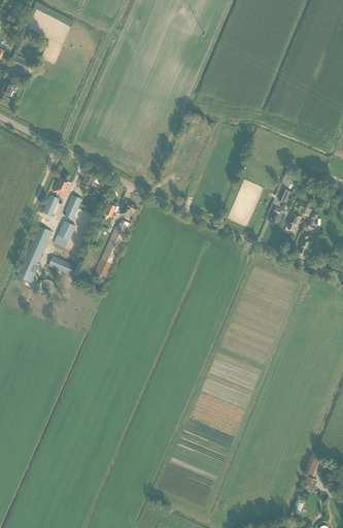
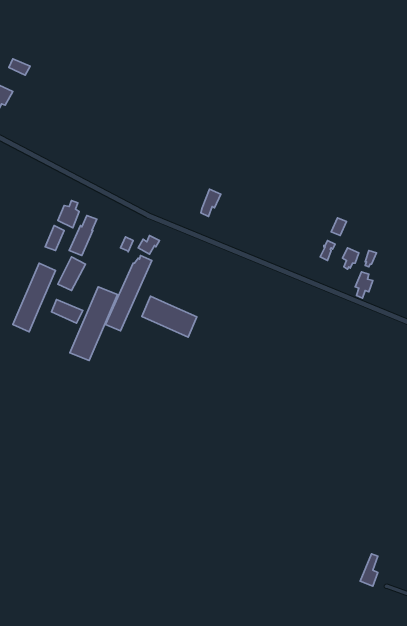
building: none -> [70,287,118,361]
building: none -> [142,296,197,337]

